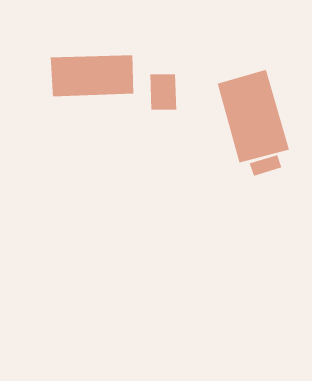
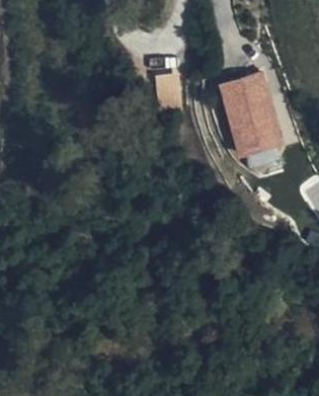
building: [50,54,134,97] -> none

